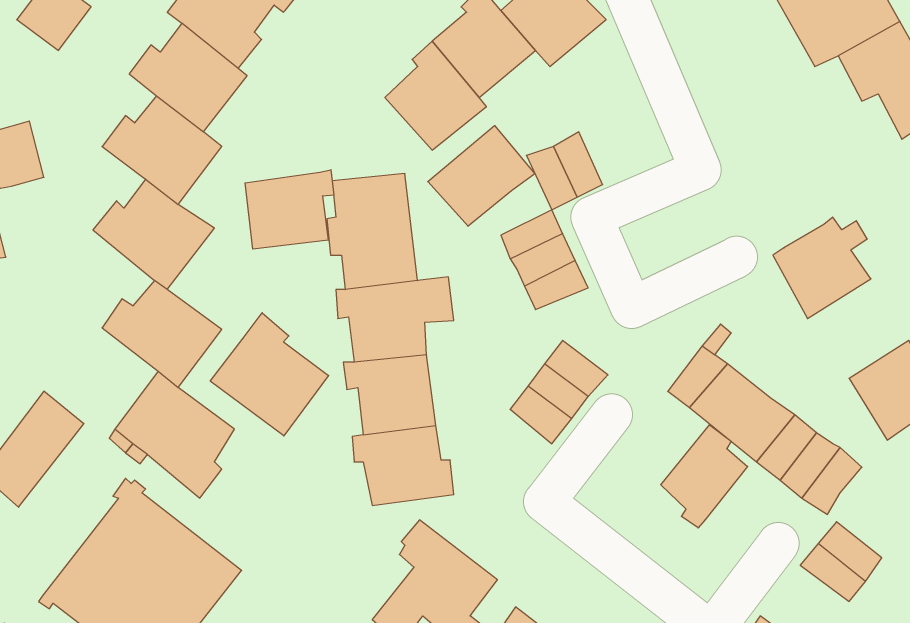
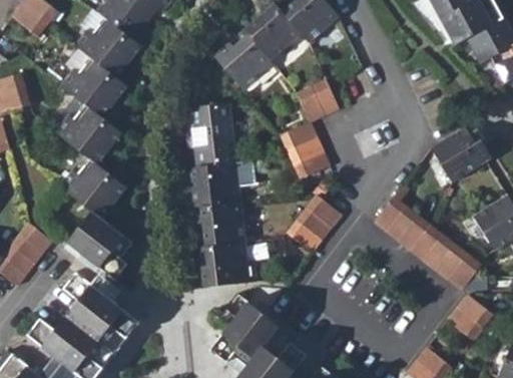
building: [428,126,535,226] -> none
building: [245,170,334,249] -> none
building: [210,313,329,436] -> none
building: [661,425,748,528] -> none

